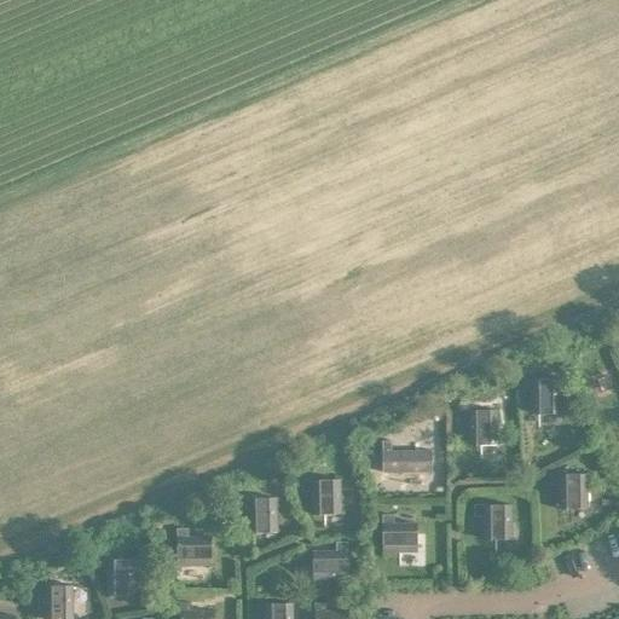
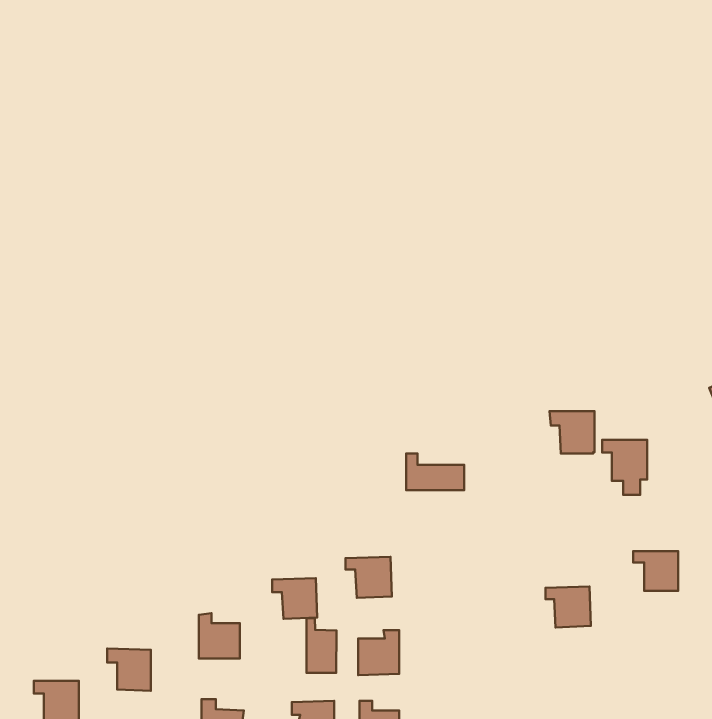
building: [459,409,498,445] -> [550,411,595,454]
building: [383,440,433,472] -> [406,454,464,490]
building: [383,514,418,553] -> none
building: none -> [306,618,336,673]

